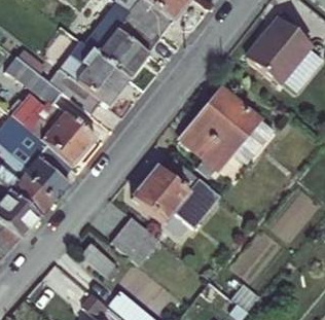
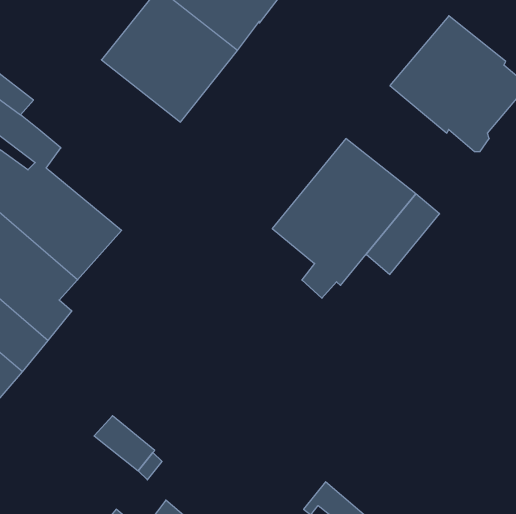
building: [49,41,129,114] -> none
building: [132,157,209,223] -> none
building: [111,215,159,263] -> none

